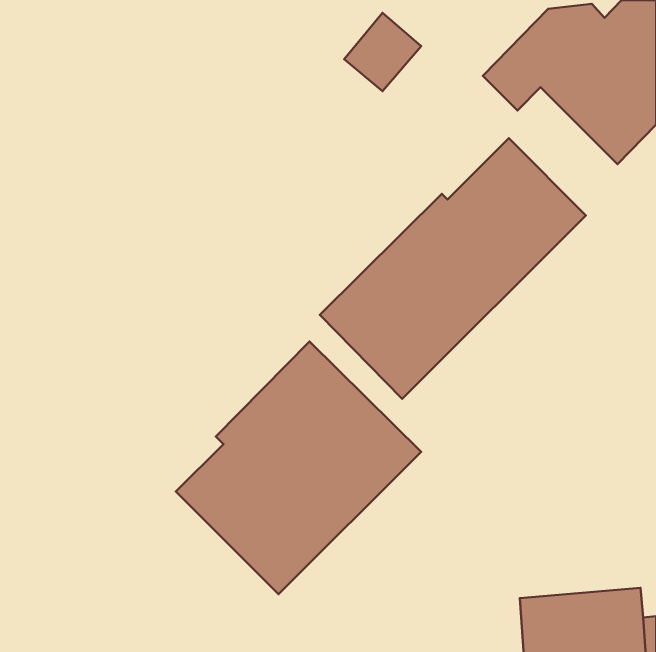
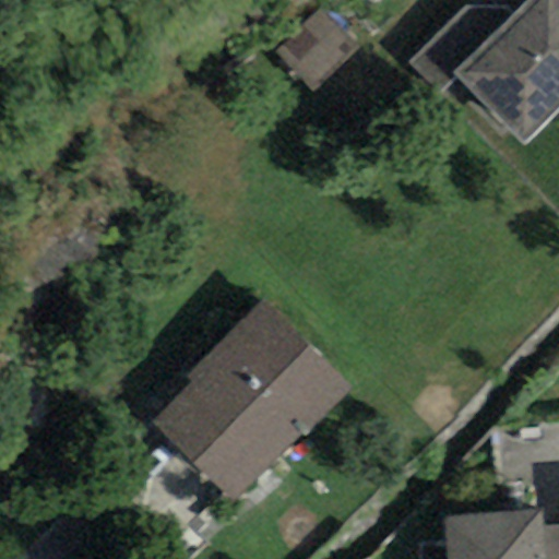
building: [320,138,586,399] -> none

